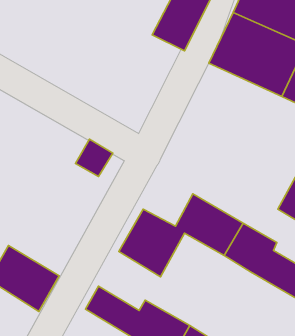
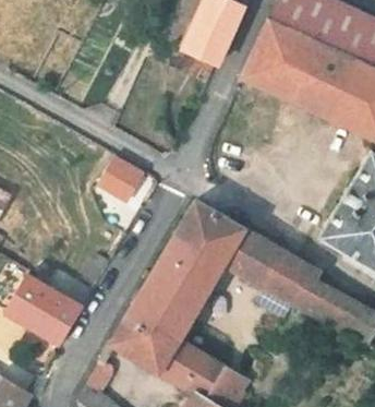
building: none -> [174,201,228,254]
building: none -> [126,282,193,345]

